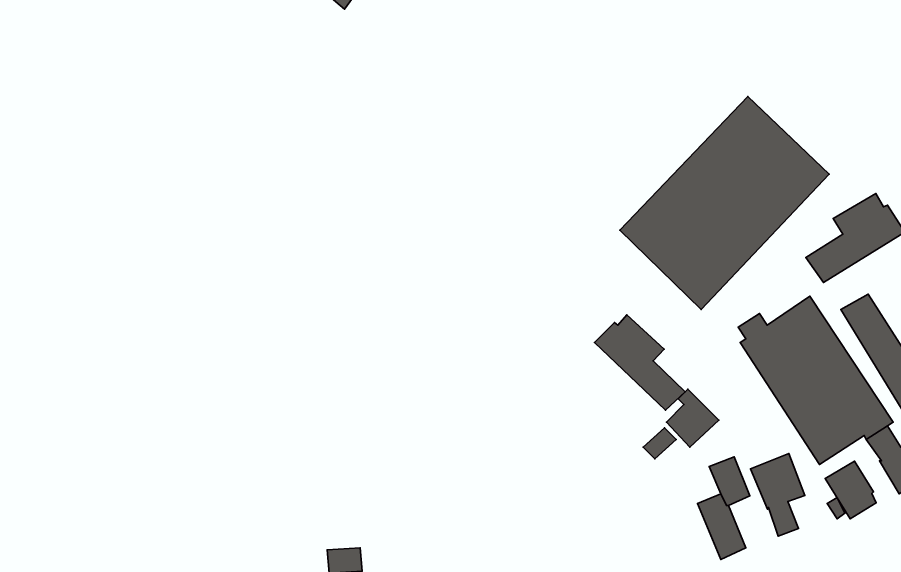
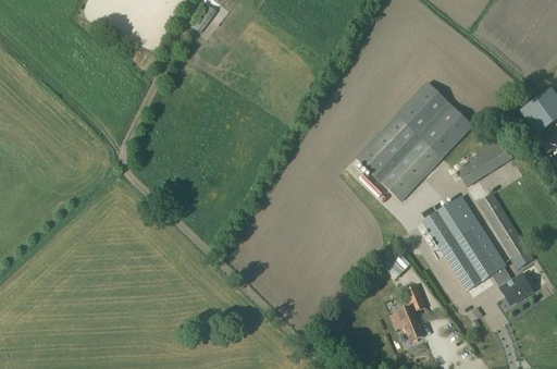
building: [595,315,685,410] -> none
building: [751,453,805,536] -> none
building: [825,461,876,519] -> none

